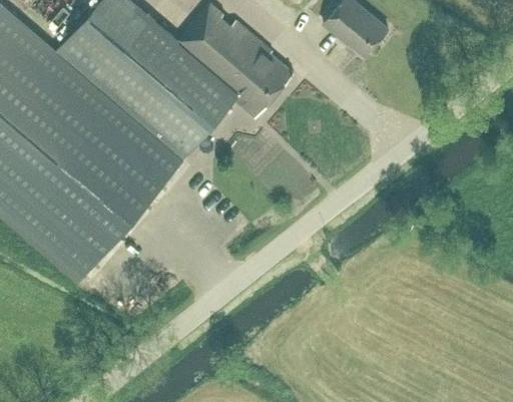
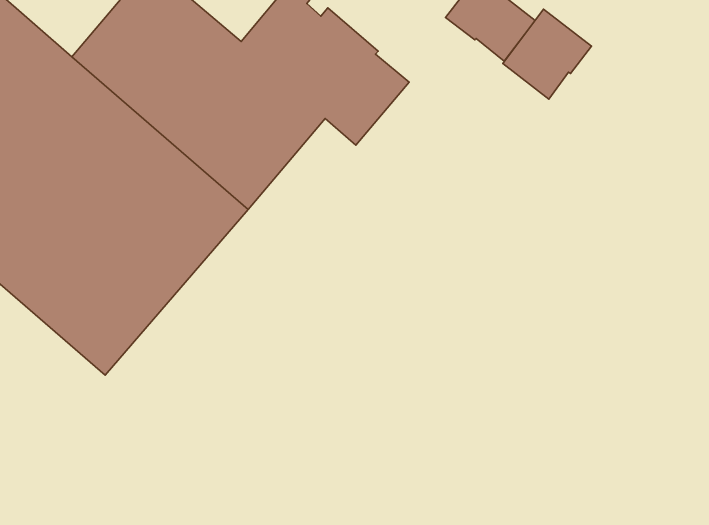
building: none -> [503,9,591,99]

